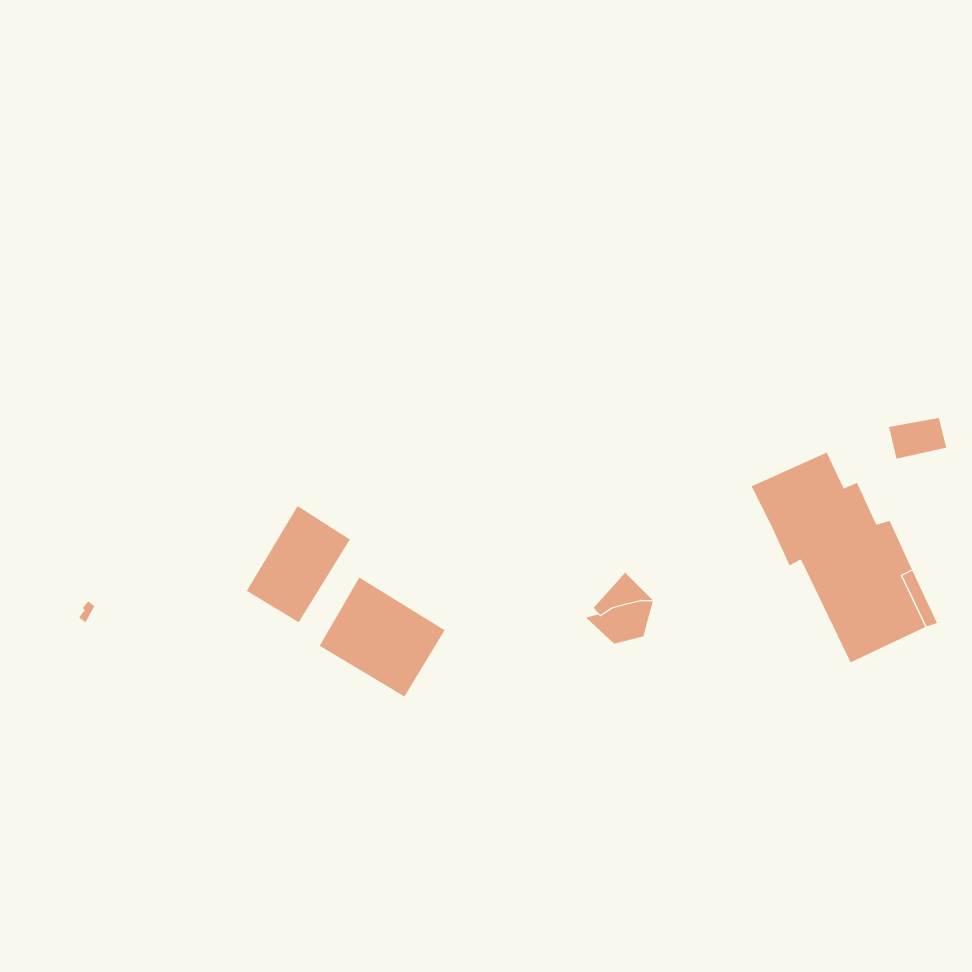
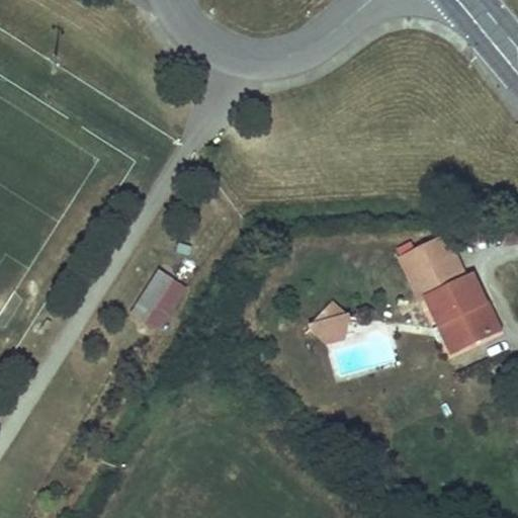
building: [319,577,446,698] -> none

